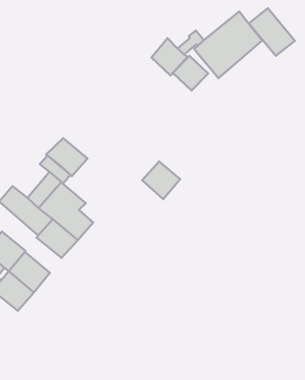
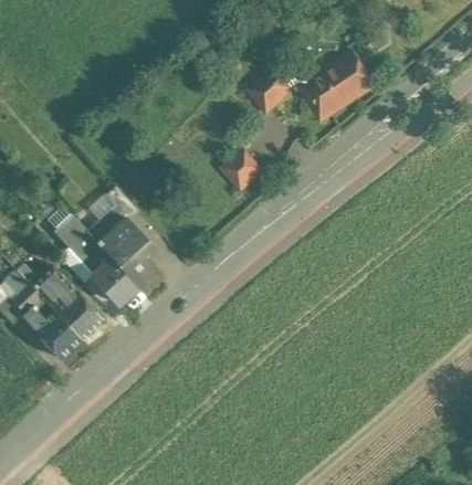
building: [249,8,295,56] -> none
building: [173,56,208,90] -> none
building: [46,138,87,176] -> none
building: [142,162,180,199] -> [220,148,263,191]

